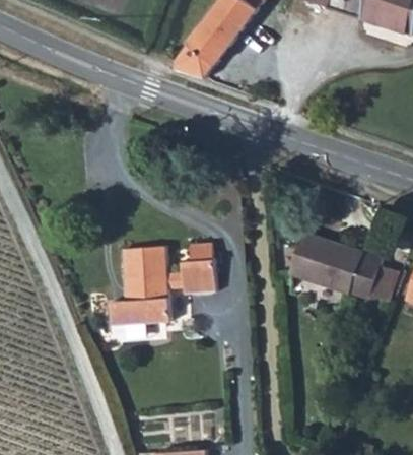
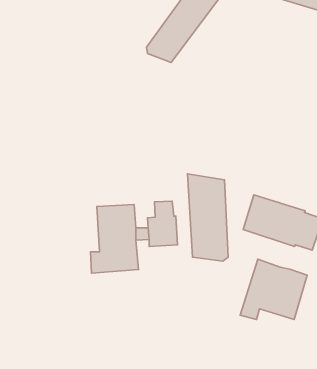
building: none -> [187,174,228,261]
building: none -> [240,259,307,320]

